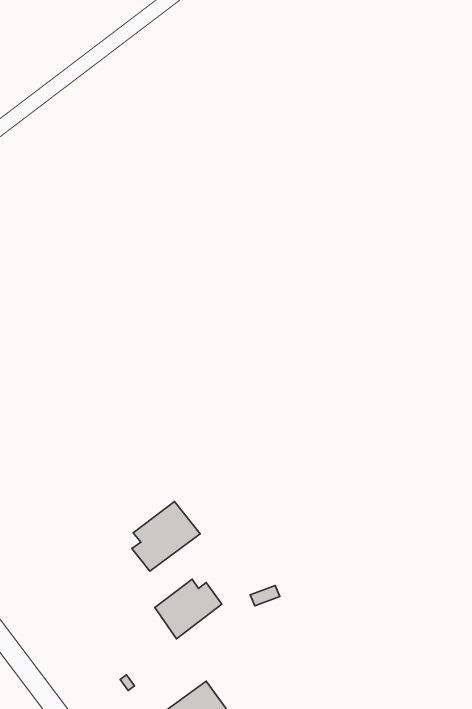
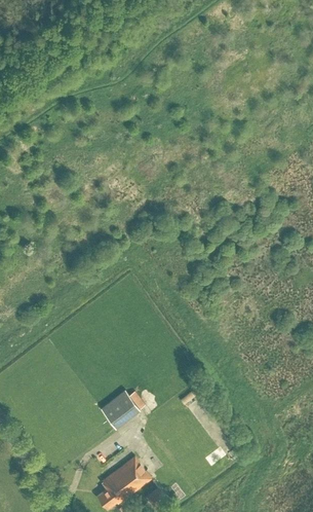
building: [132,502,200,571] -> none

